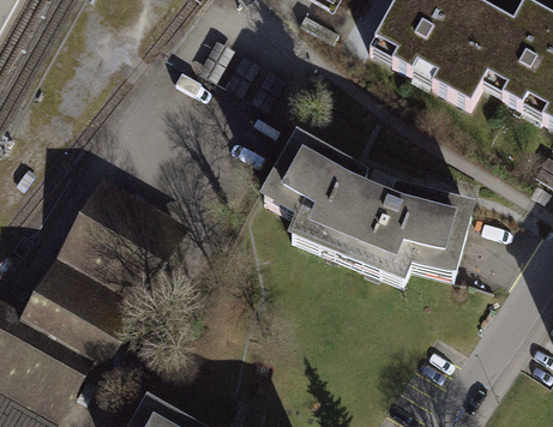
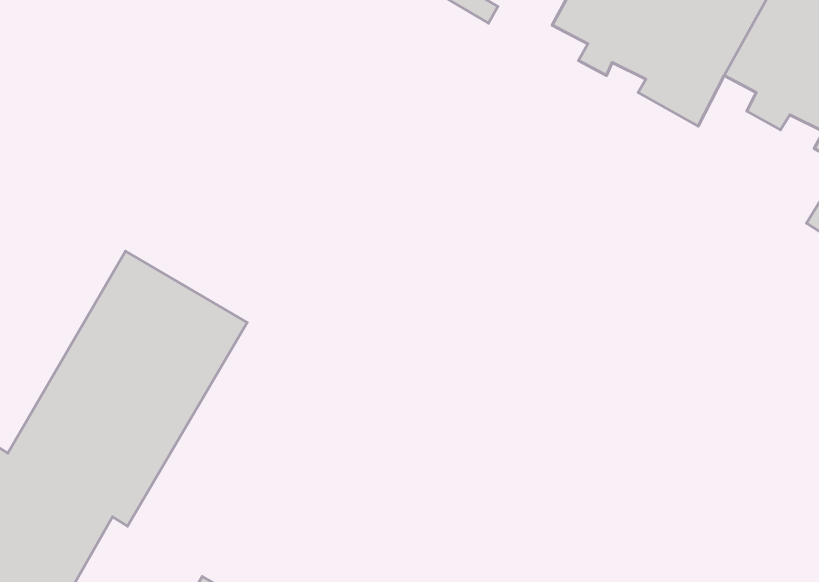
building: [264,136,471,279] -> none

